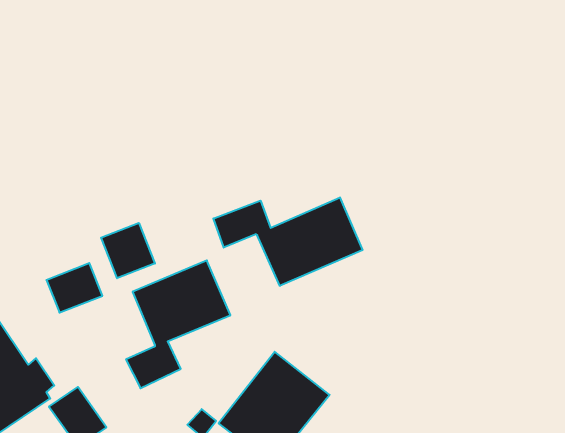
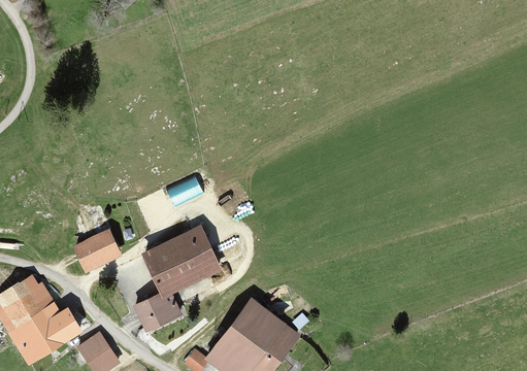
building: [213,197,363,286] -> none
building: [101,223,155,278] -> none

